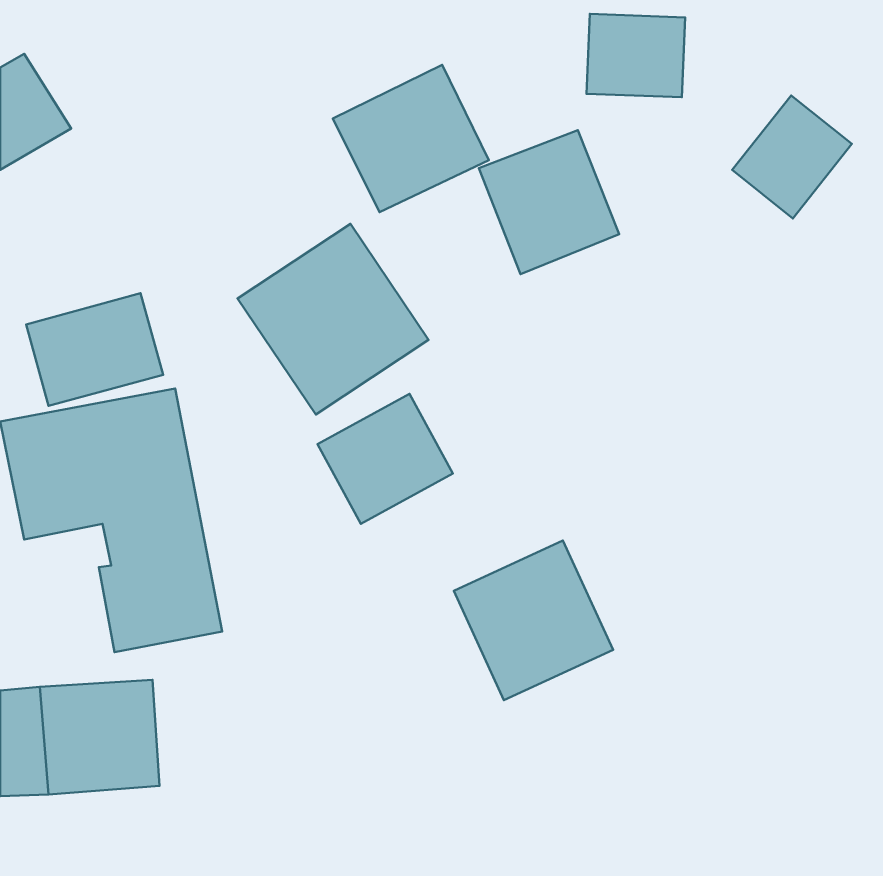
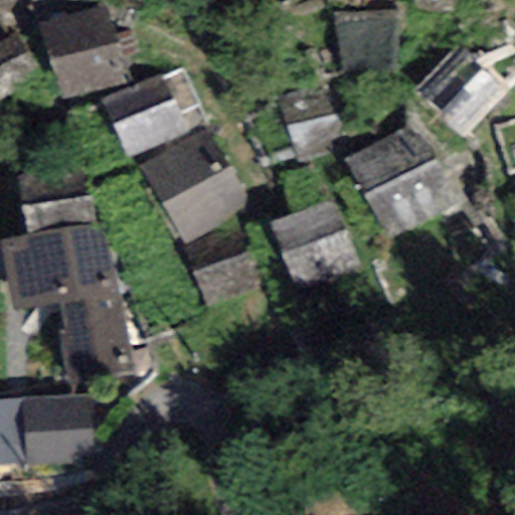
building: none -> [37,6,131,104]
building: [333,65,489,212] -> [98,73,188,159]
building: none -> [348,124,455,232]
building: [454,540,613,700] -> [270,198,362,291]

